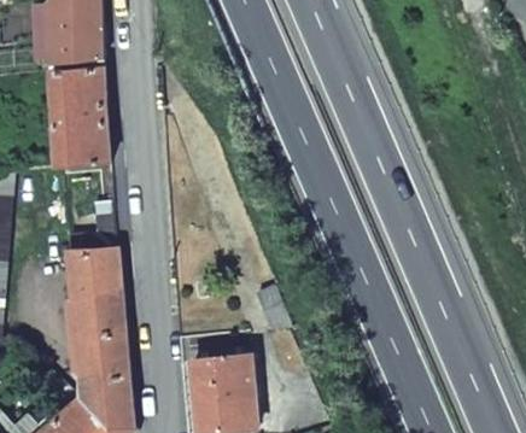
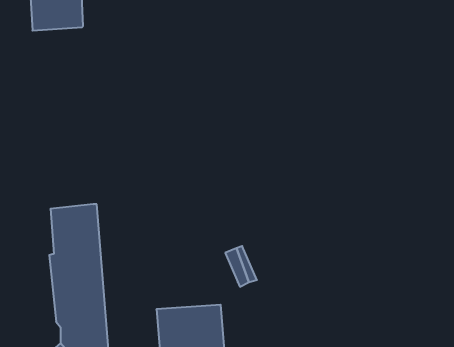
building: [48,66,110,168] -> none

